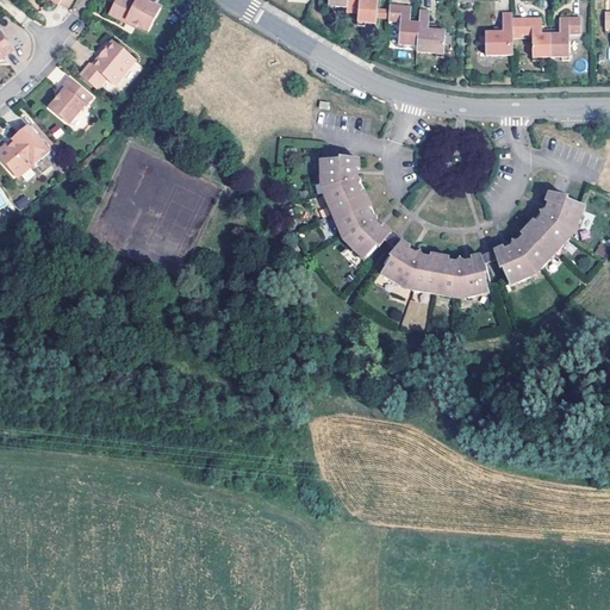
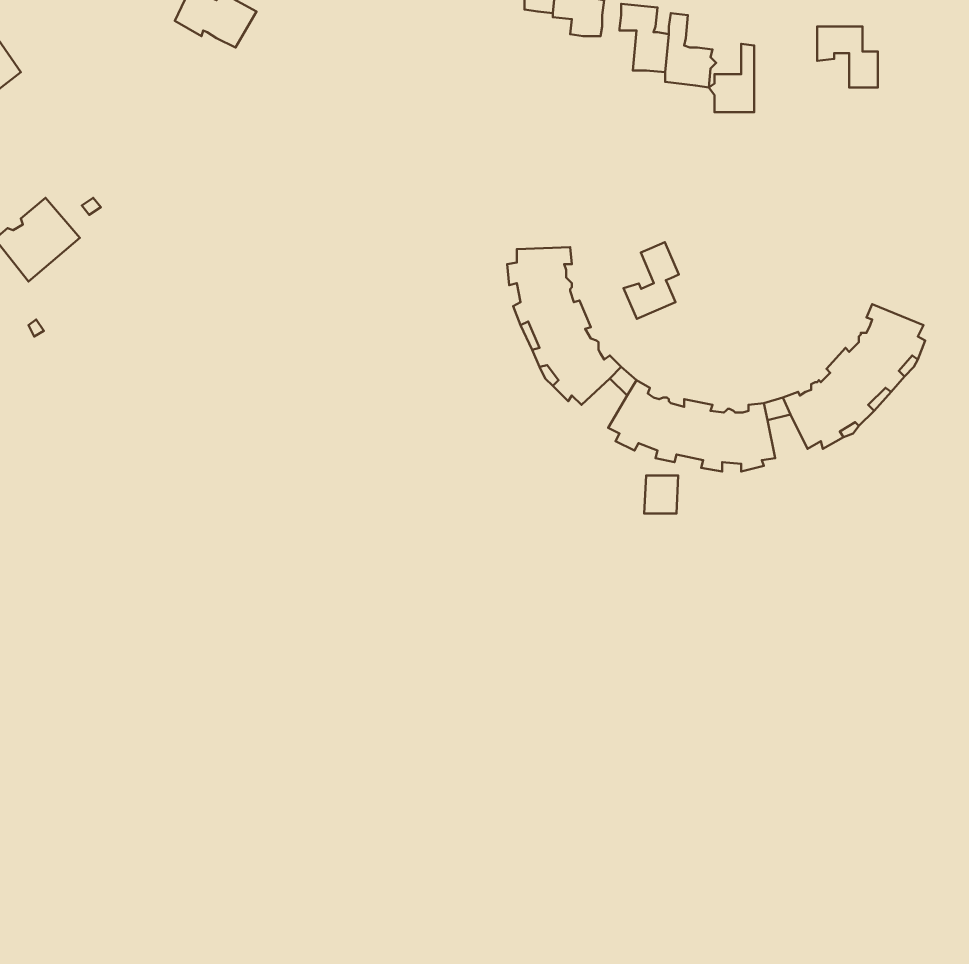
building: [484,11,512,54] -> [709,44,754,112]
building: [550,17,580,55] -> none
building: [80,39,135,87] -> none
building: [49,76,92,123] -> none
building: none -> [624,242,679,319]

